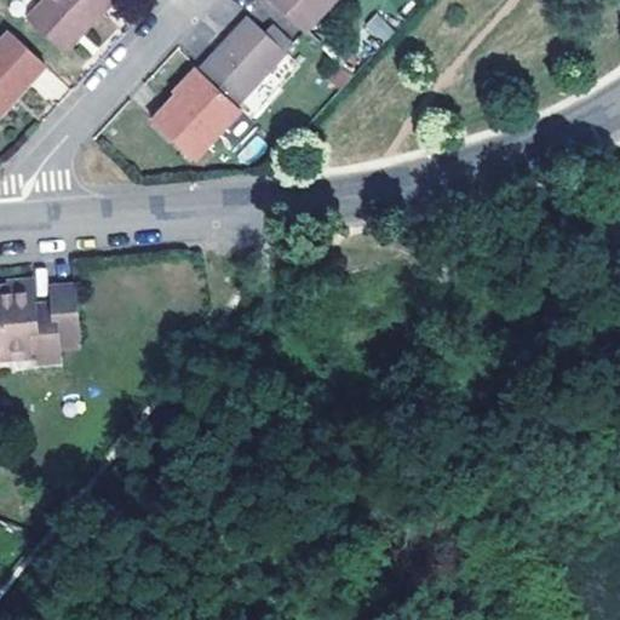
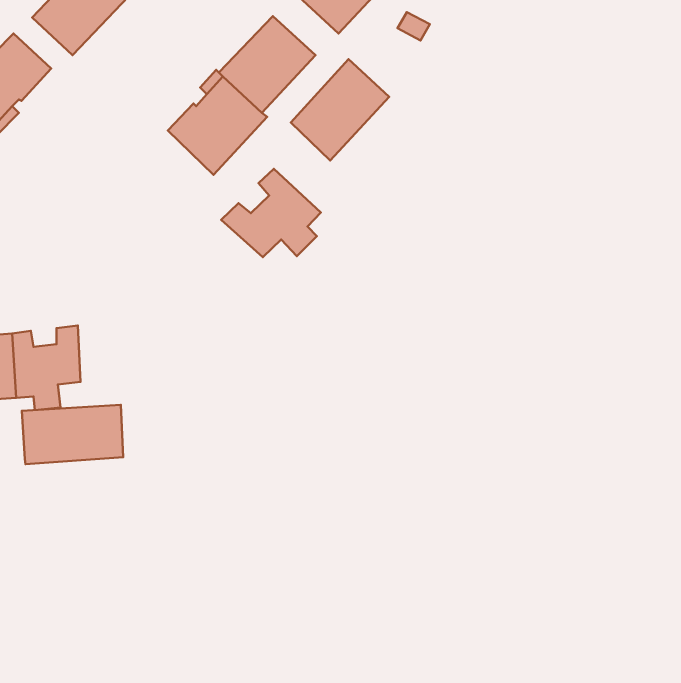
building: none -> [291,59,389,160]
building: none -> [221,169,321,257]
building: none -> [22,405,123,464]

